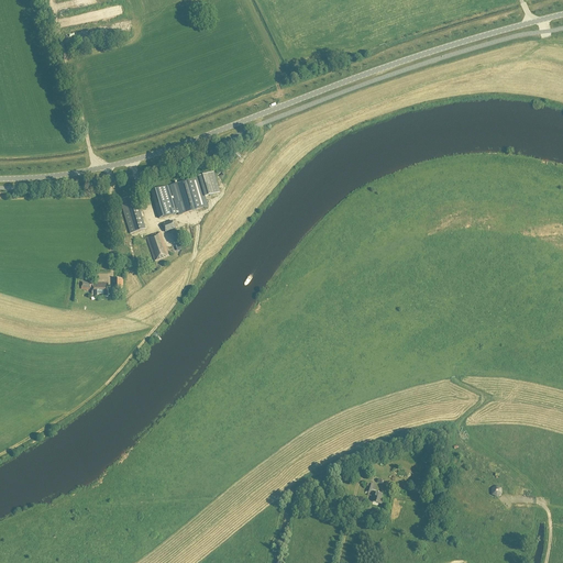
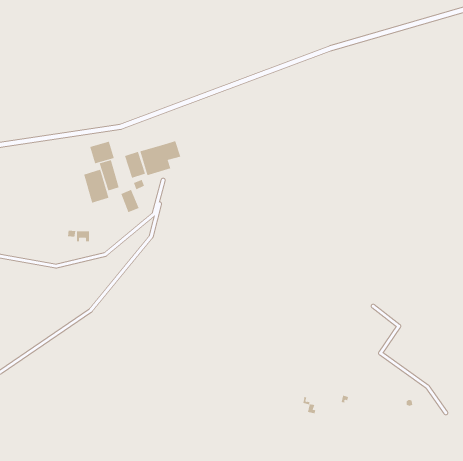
building: none -> [90,141,114,164]
building: none -> [83,169,109,203]

